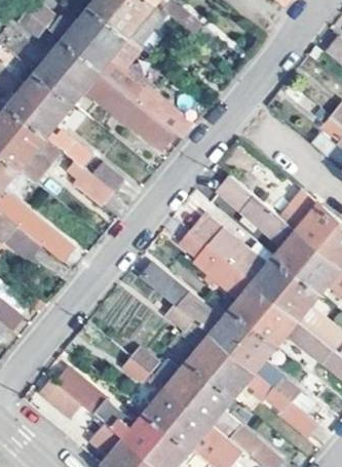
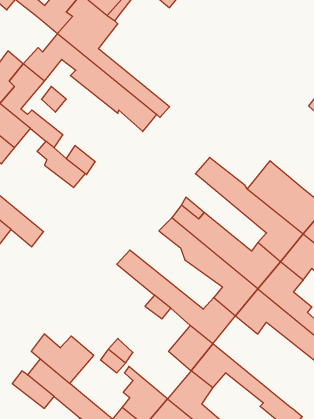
building: [37,41,84,86] -> none
building: [232,326,315,414] -> none
building: [152,358,212,405] -> [31,334,94,383]

